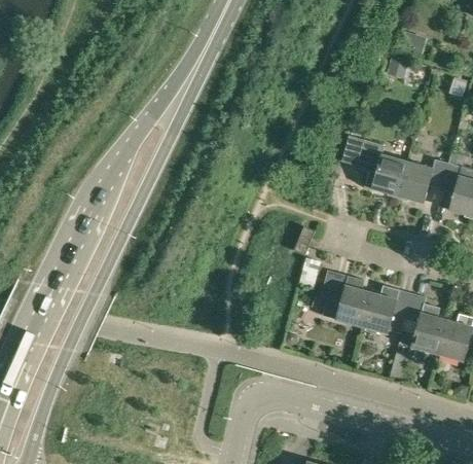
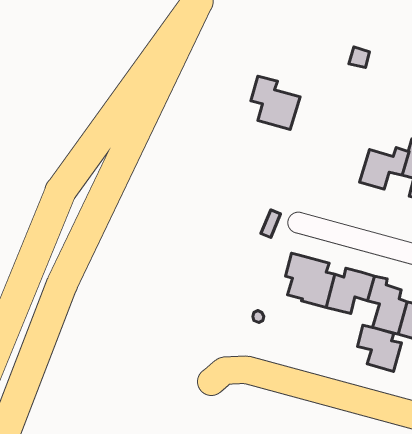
building: [356,141,407,197] -> [251,76,300,129]
building: none -> [357,325,401,371]

